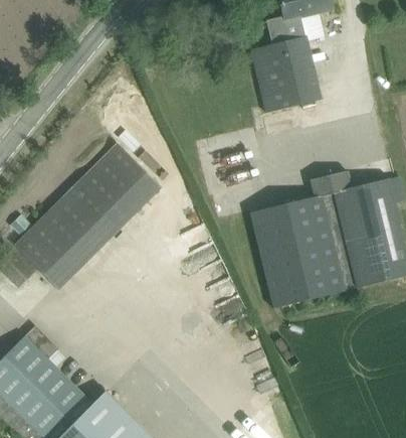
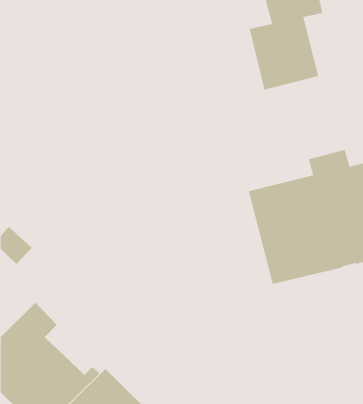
building: [15,143,161,289] -> none

